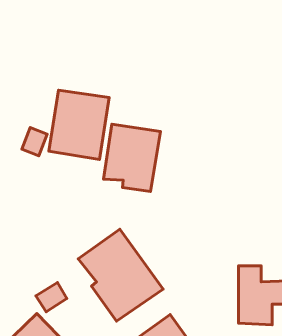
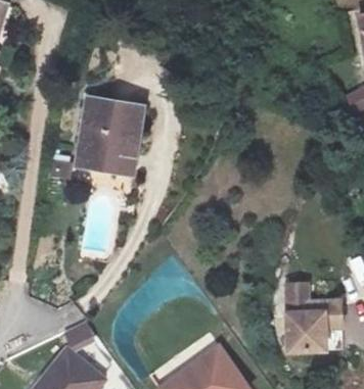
building: [104,124,160,192] -> none
building: [78,229,163,321] -> none

